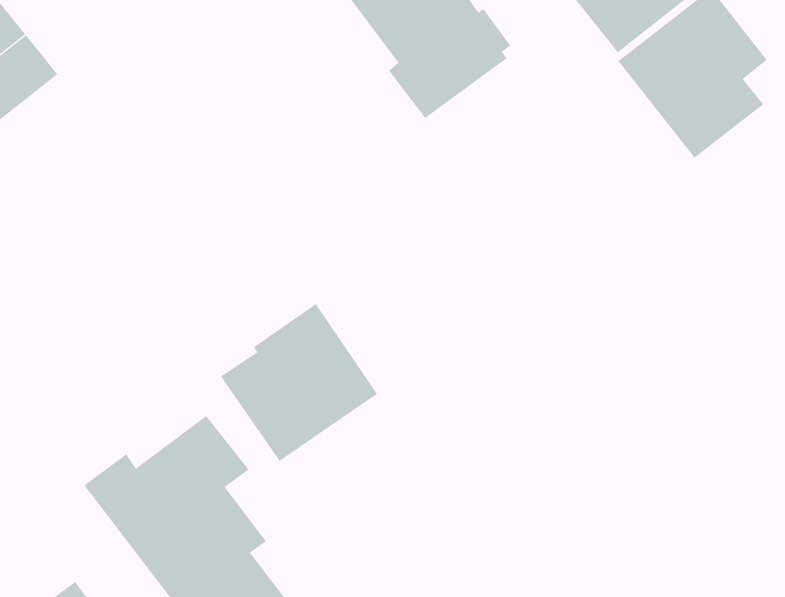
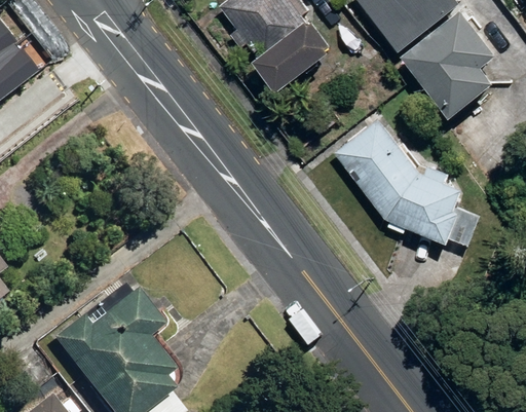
building: none -> [335,119,481,248]
building: [220,303,378,462] -> none

